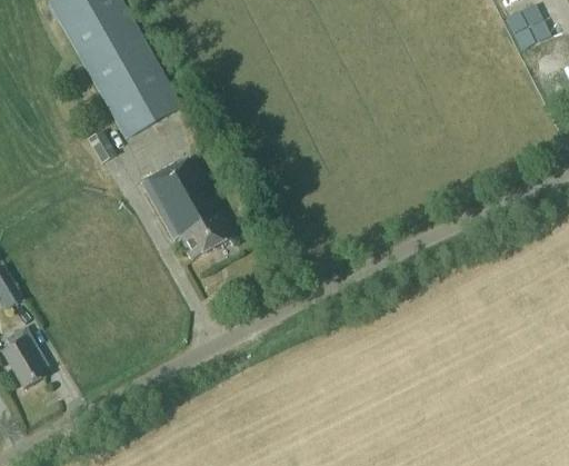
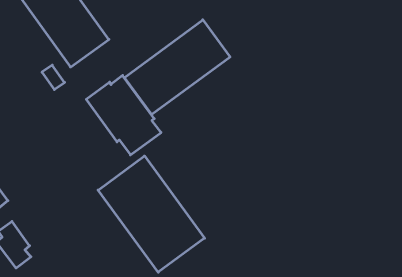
building: none -> [124,20,230,115]
building: none -> [98,156,205,272]

